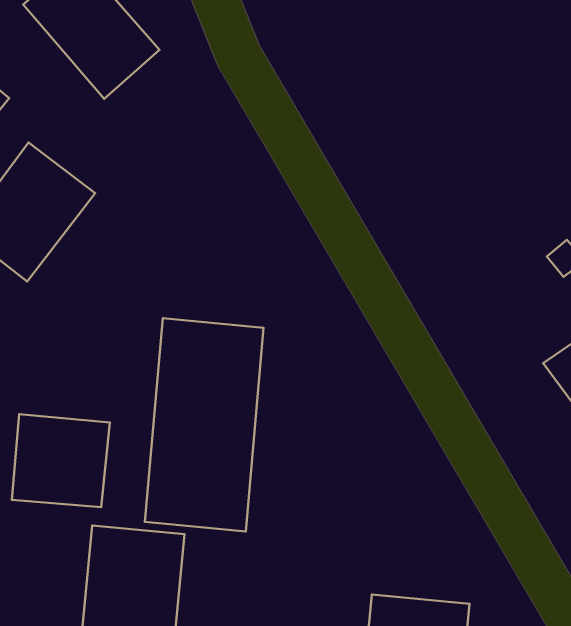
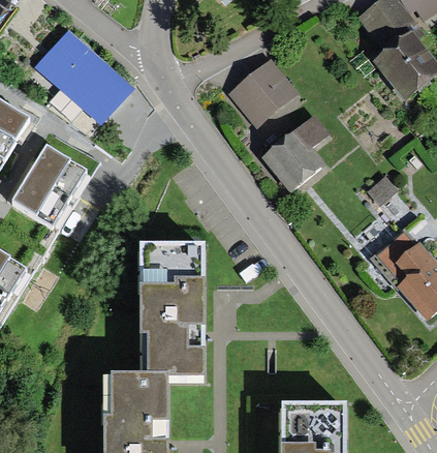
building: none -> [236,63,291,118]
building: none -> [262,116,324,186]
building: [12,414,110,507] -> none

